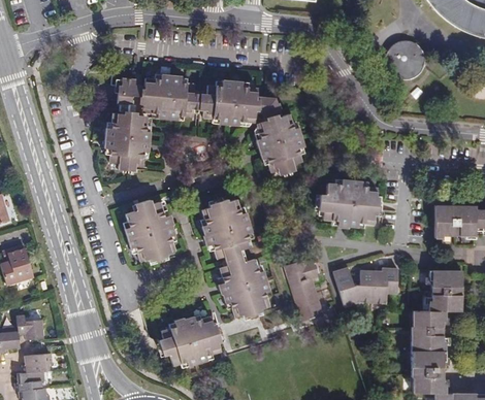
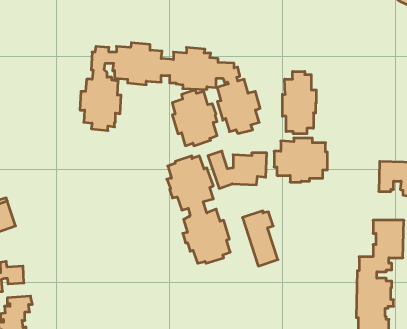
building: [385,41,424,80] -> none
building: none -> [282,71,316,134]
building: [125,200,174,262] -> [172,90,217,146]
building: [332,266,397,307] -> [208,151,267,188]
building: [158,315,221,366] -> none

